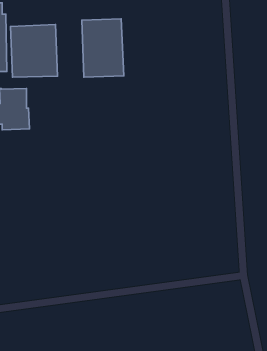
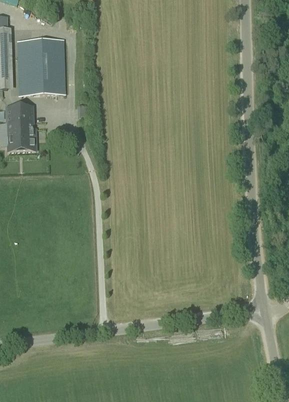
building: [82,19,124,77] -> none

